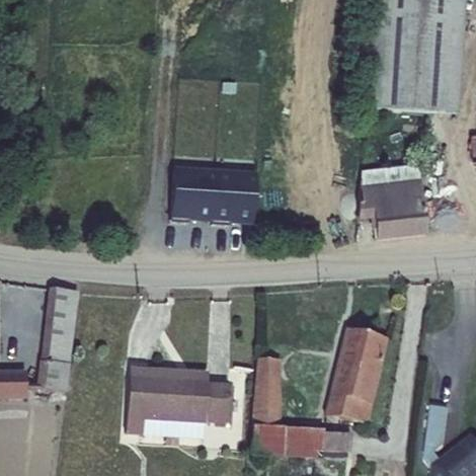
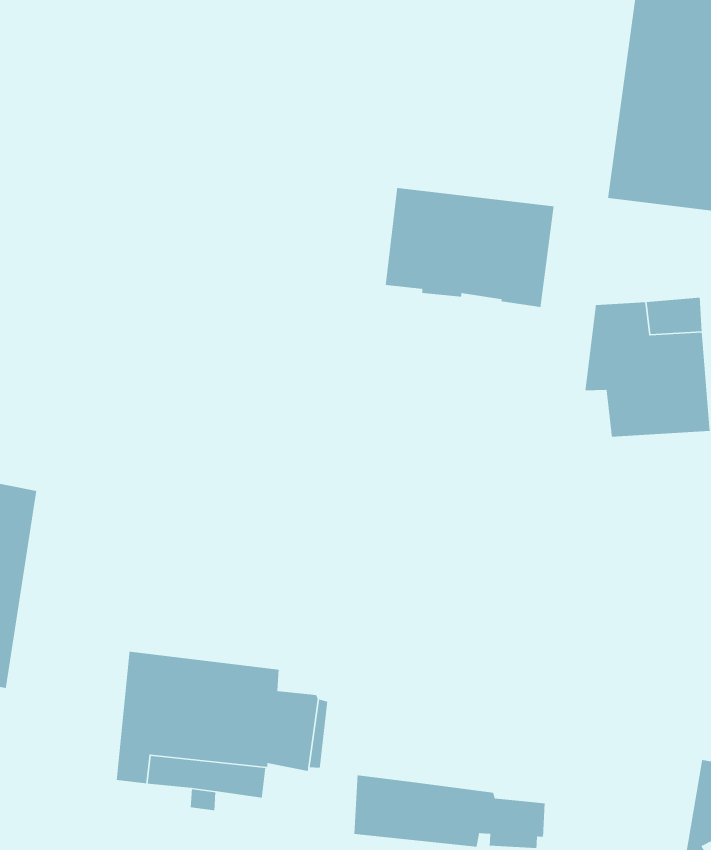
building: [172,168,258,227] -> [385,187,555,308]
building: [325,325,389,421] -> none
building: [252,355,282,423] -> none

